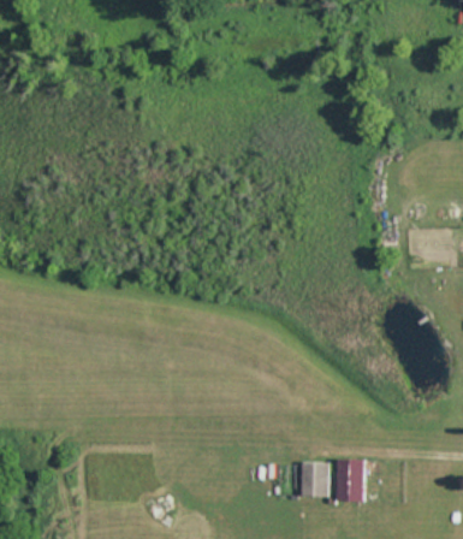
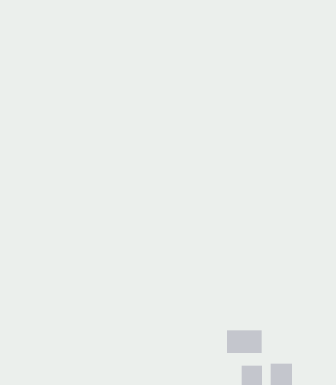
building: none -> [226,329,262,354]

